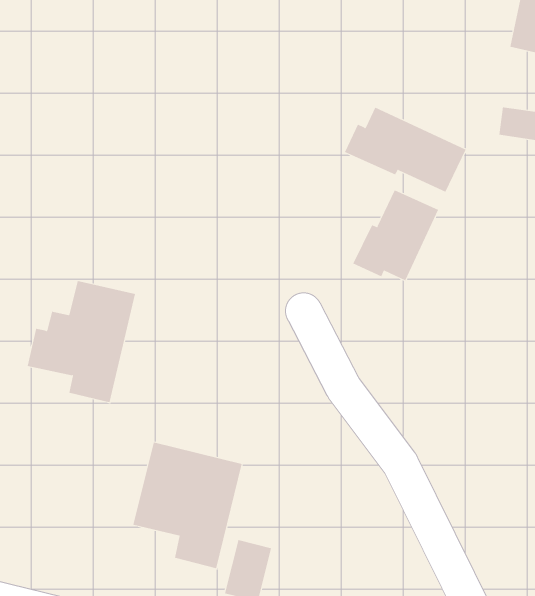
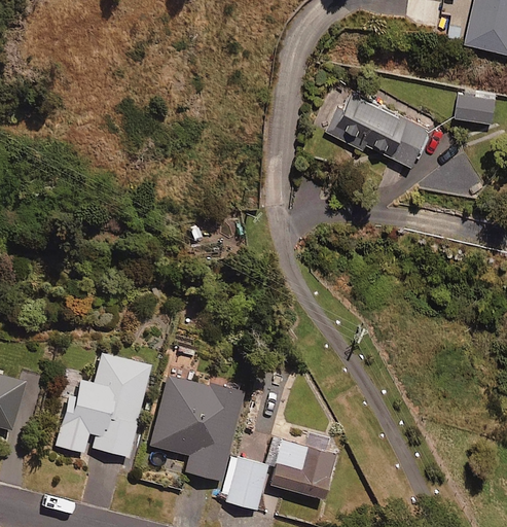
building: [353,190,439,281] -> none
building: [27,280,136,403] -> [58,354,149,457]
building: none -> [269,441,335,500]

